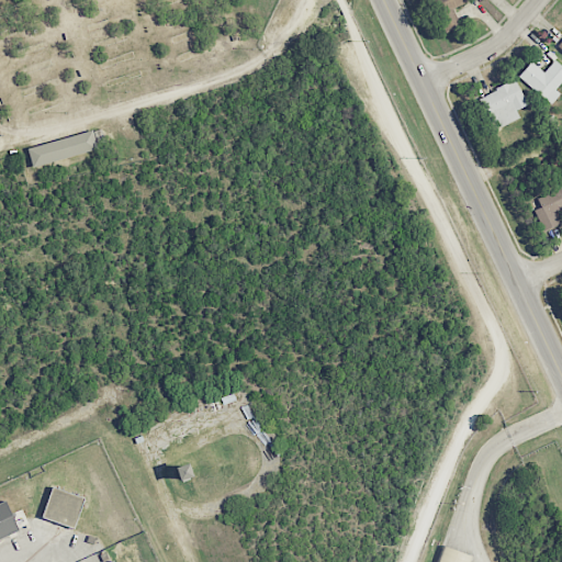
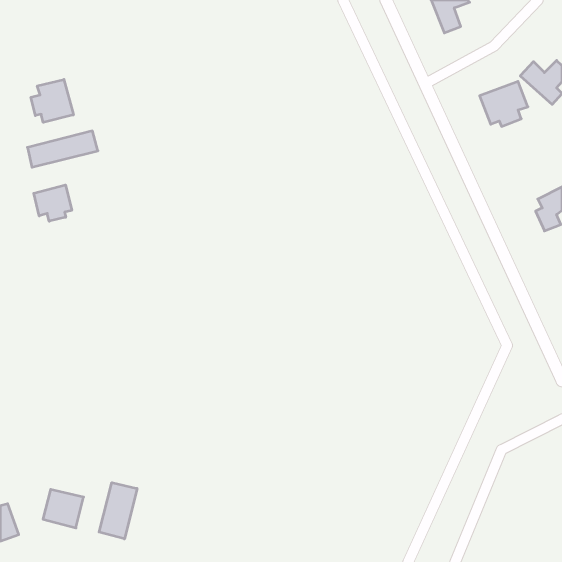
building: none -> [31,79,73,122]
building: none -> [34,185,72,221]
building: none -> [99,483,137,539]

